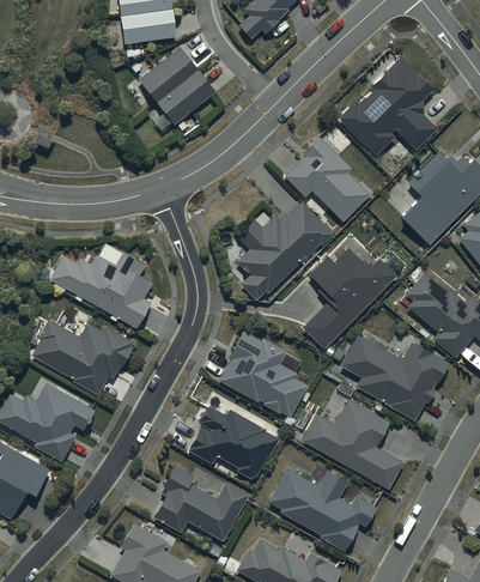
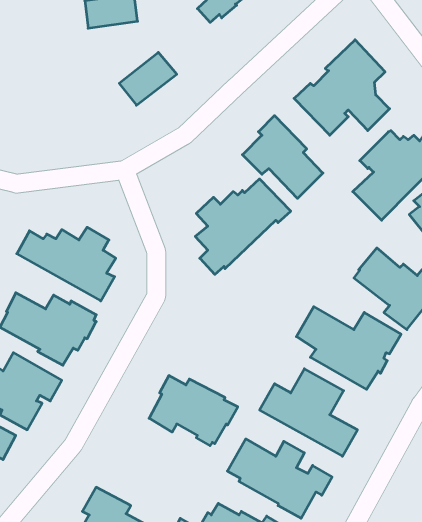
building: [139,47,198,102] -> none
building: [304,247,396,348] -> none
building: [219,331,308,428] -> none
building: [153,466,249,541] -> none

